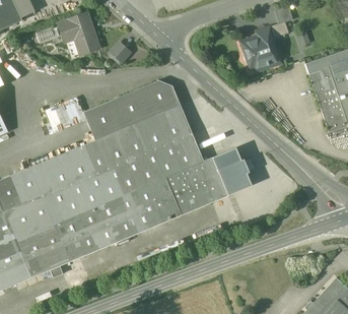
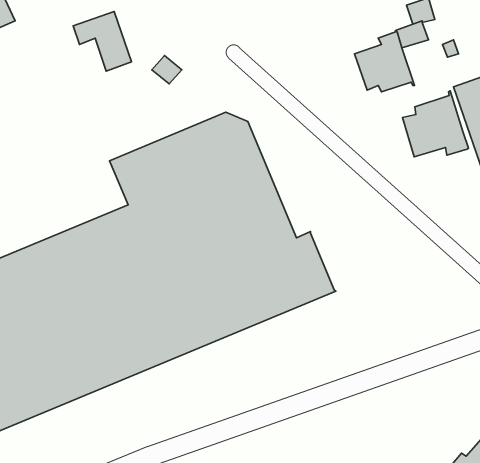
building: none -> [402,91,469,157]
building: [214,151,253,194] -> none

